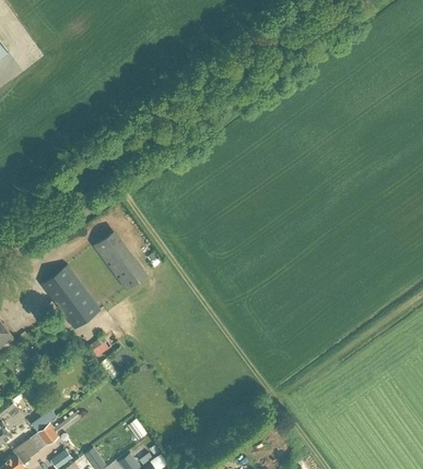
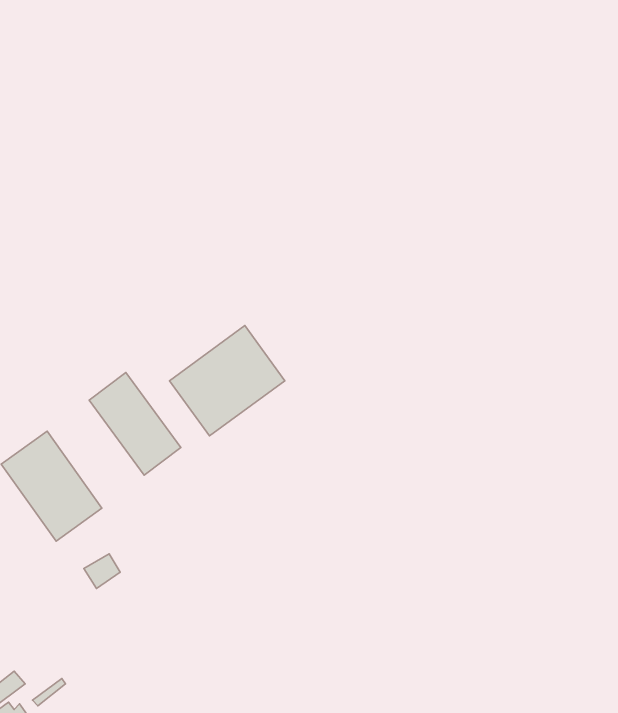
building: none -> [169,326,285,436]

